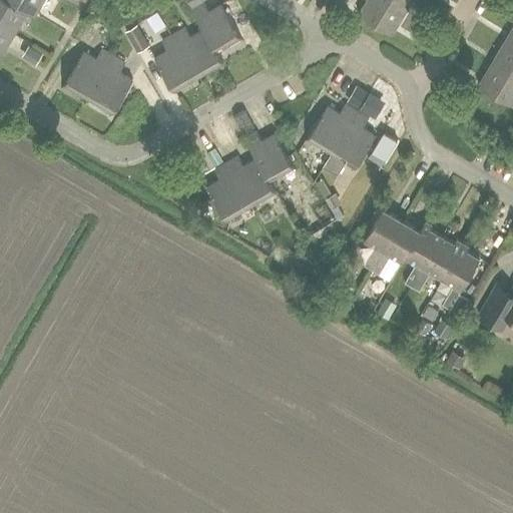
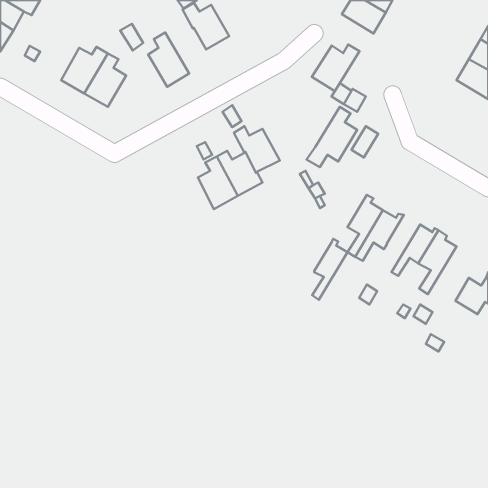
building: [173,27,224,77] -> none
building: [307,105,357,154] -> [312,45,360,91]
building: [404,221,441,286] -> [312,239,348,300]

